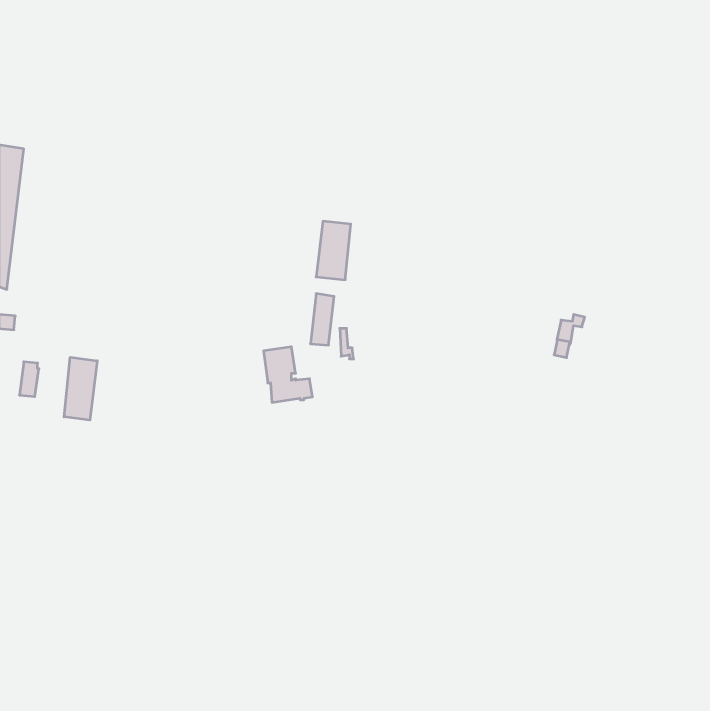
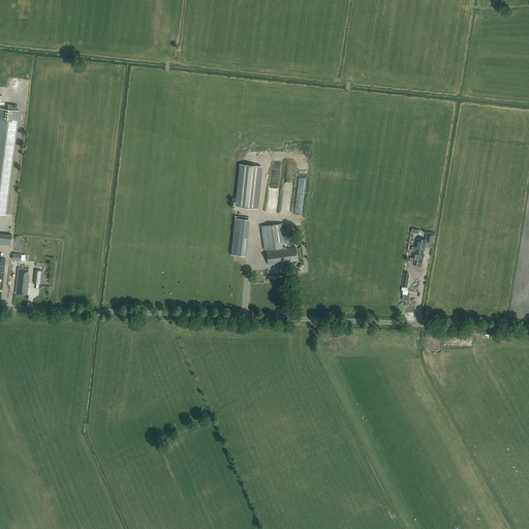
building: [264,347,312,402] -> [260,223,297,264]
building: [64,357,97,420] -> none

